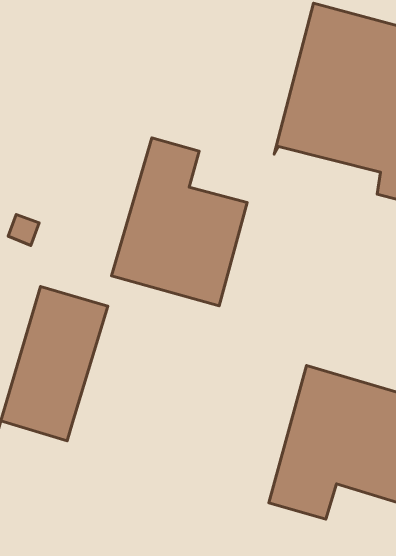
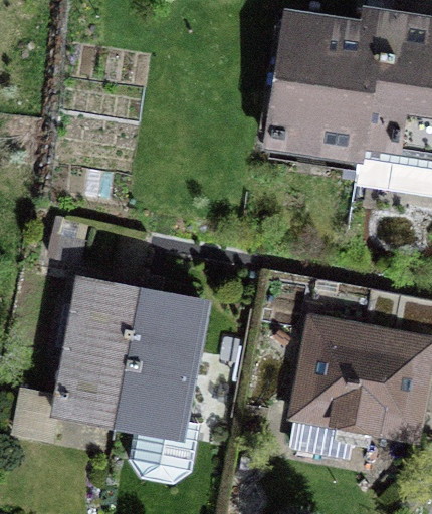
building: [111,138,247,306] -> none
building: none -> [114,287,198,480]

